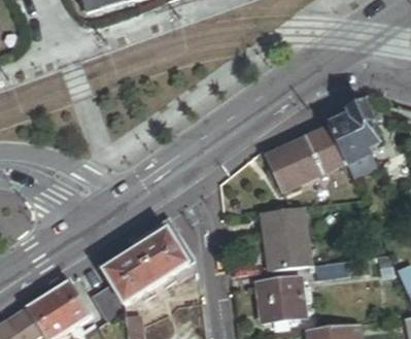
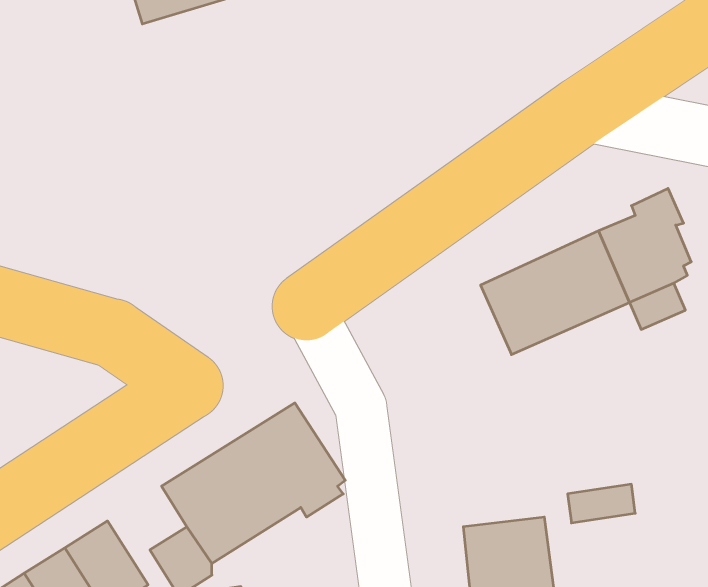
building: [262,207,308,271] -> none

